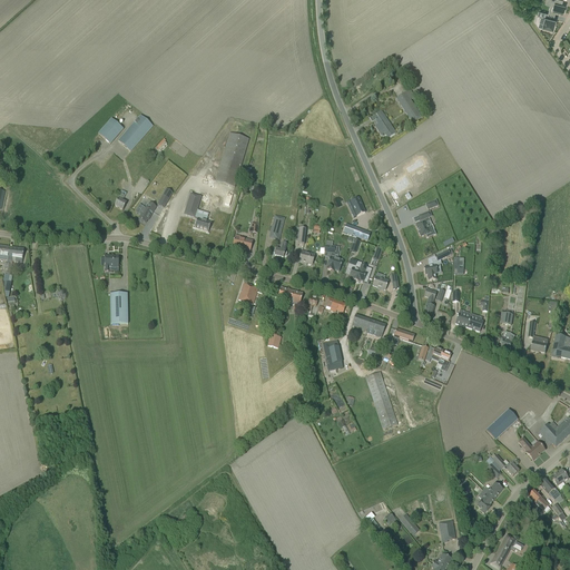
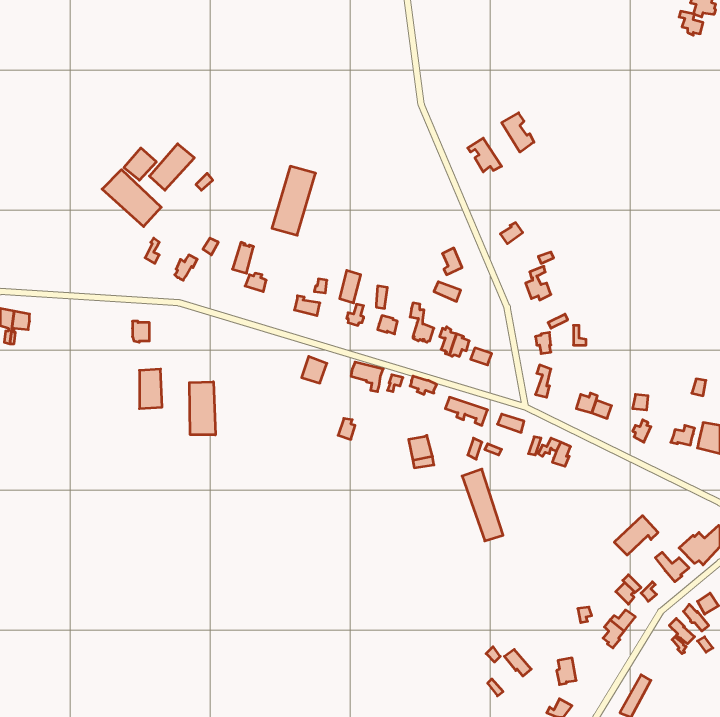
building: none -> [102,170,161,227]
building: none -> [189,382,215,435]

